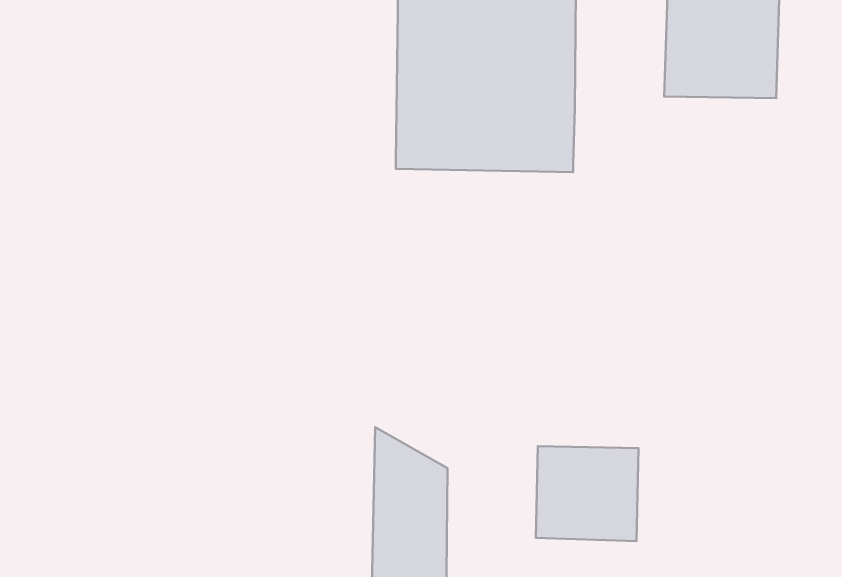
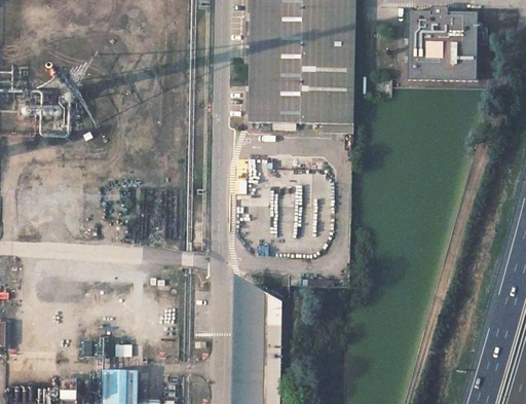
building: [536,446,638,541] -> none

